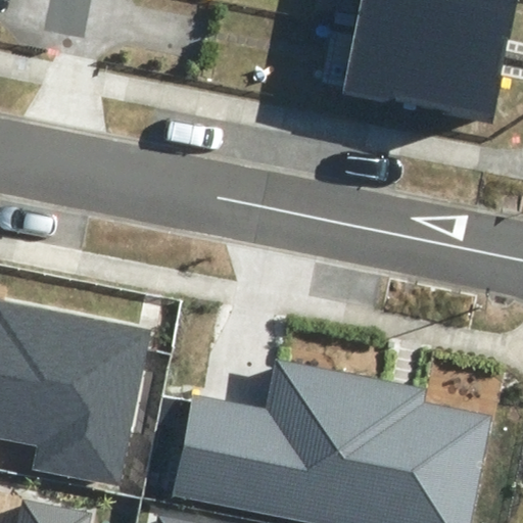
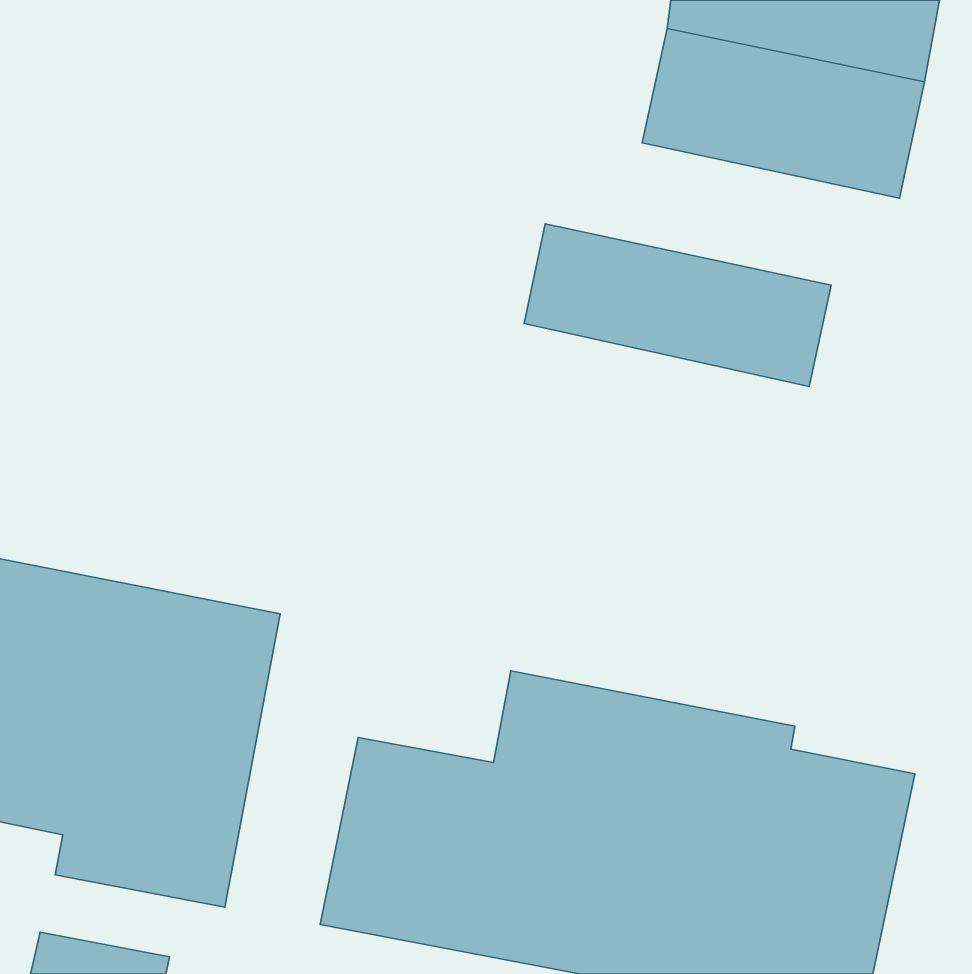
building: none -> [524,224,831,386]

